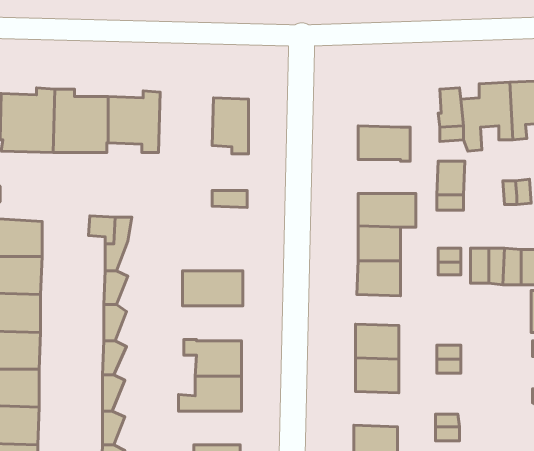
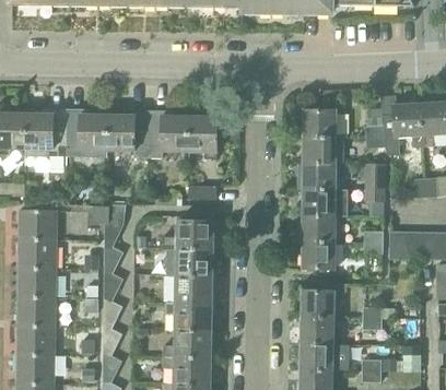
building: none -> [146,110,189,157]
building: none -> [302,110,334,138]
building: none -> [296,163,334,189]
building: none -> [162,217,213,249]
building: none -> [176,276,212,304]
building: none -> [298,343,341,370]
building: none -> [162,358,211,385]

